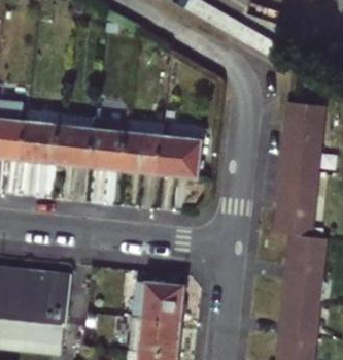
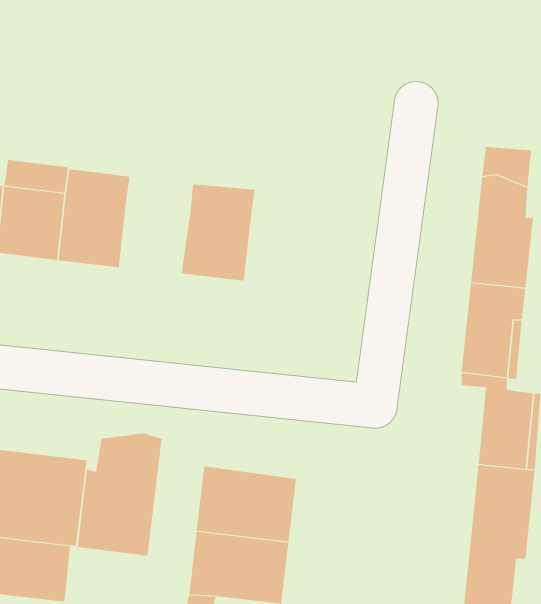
building: [90,119,130,172] -> none
building: [159,140,204,182] -> none
building: none -> [77,432,162,556]

